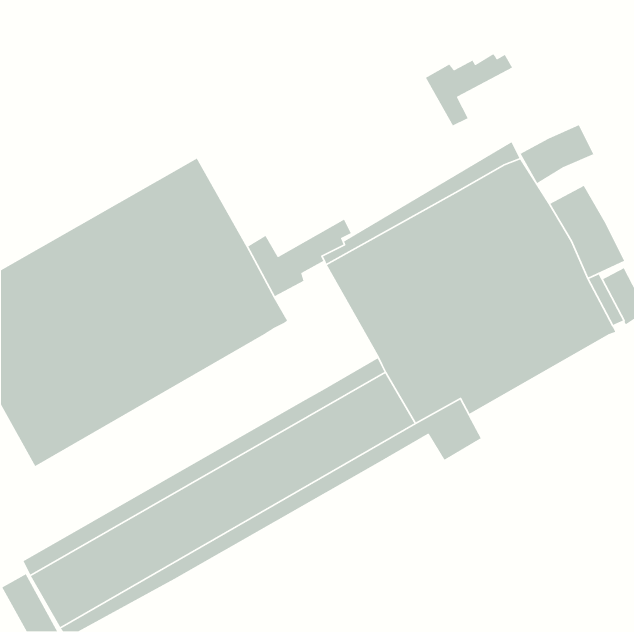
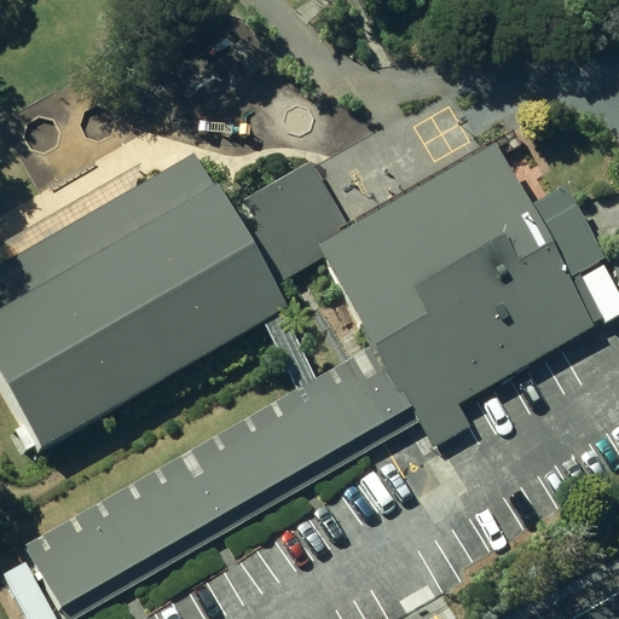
building: [425,53,513,126] -> none
building: [519,124,594,184] -> none
building: none -> [243,161,337,248]

